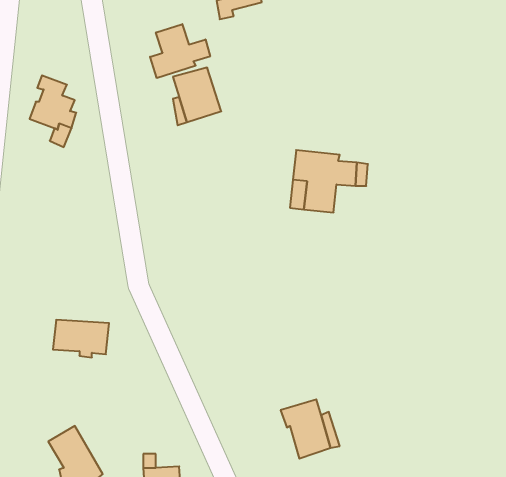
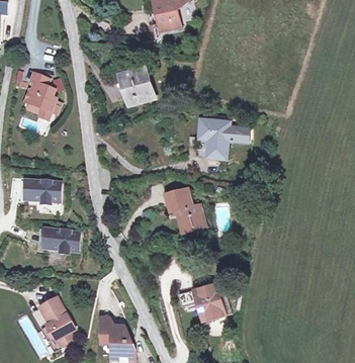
building: [150,24,210,78] -> none
building: none -> [23,180,59,203]
building: none -> [167,184,205,226]

